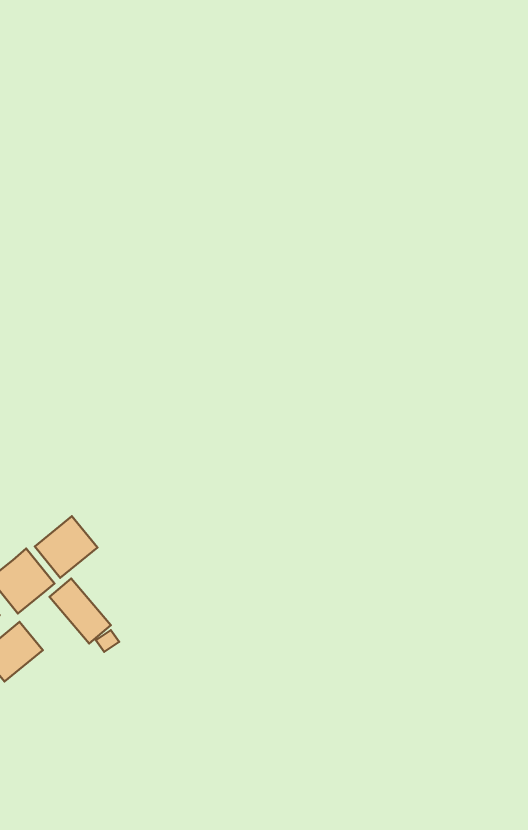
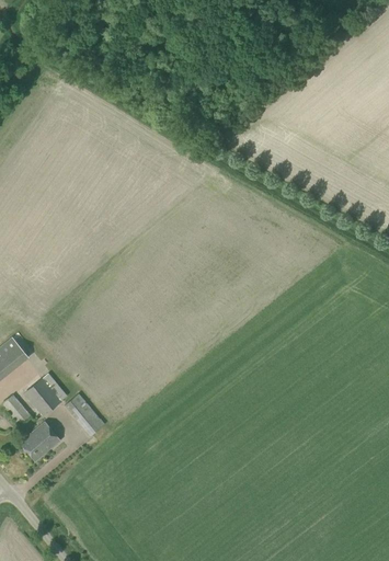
building: [35,516,98,578] -> none

